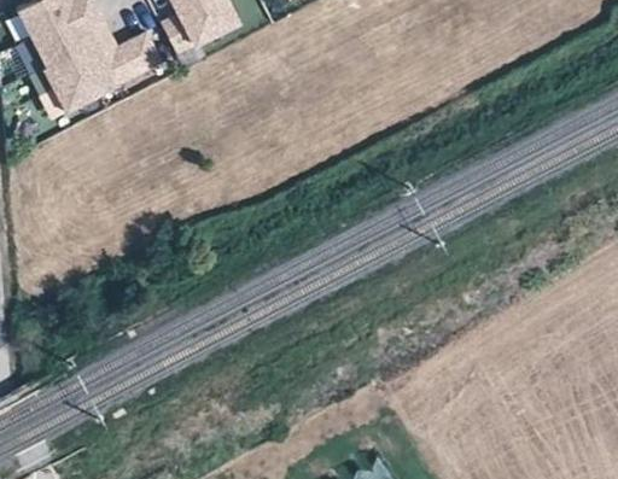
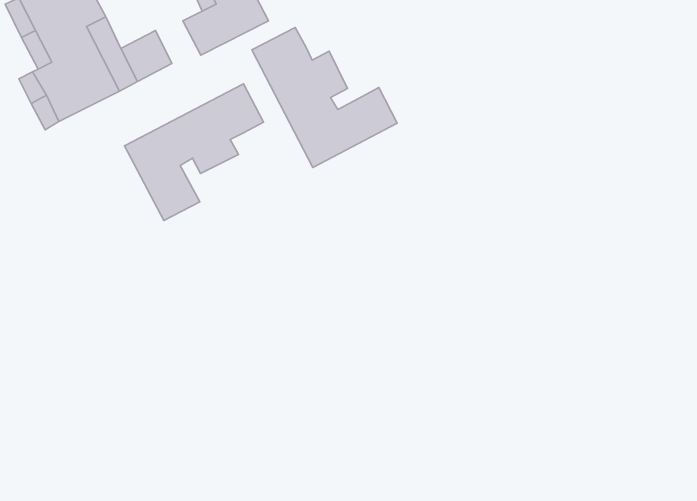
building: none -> [252,27,397,167]
building: none -> [124,84,263,220]

